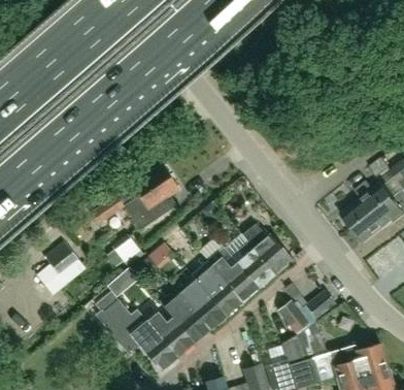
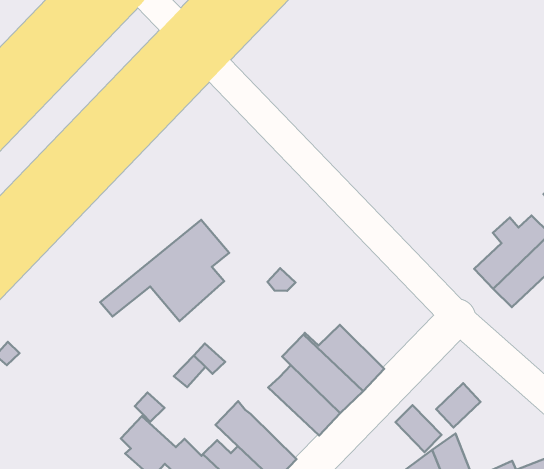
building: [241,224,291,275] -> none
building: [38,241,85,293] -> none
building: [179,281,227,330] -> none

